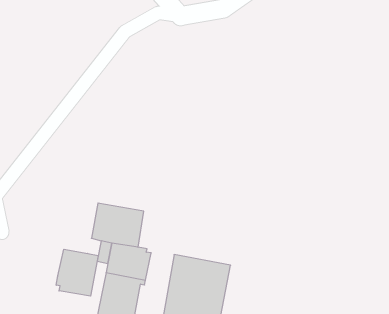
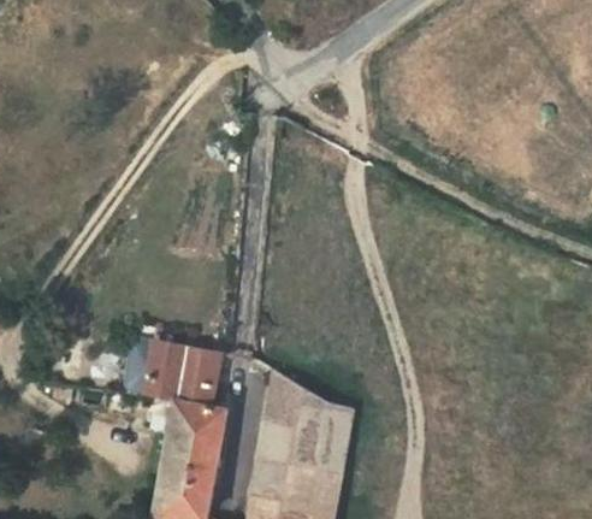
building: none -> [265,370,353,434]
building: [56,249,98,296] -> none

